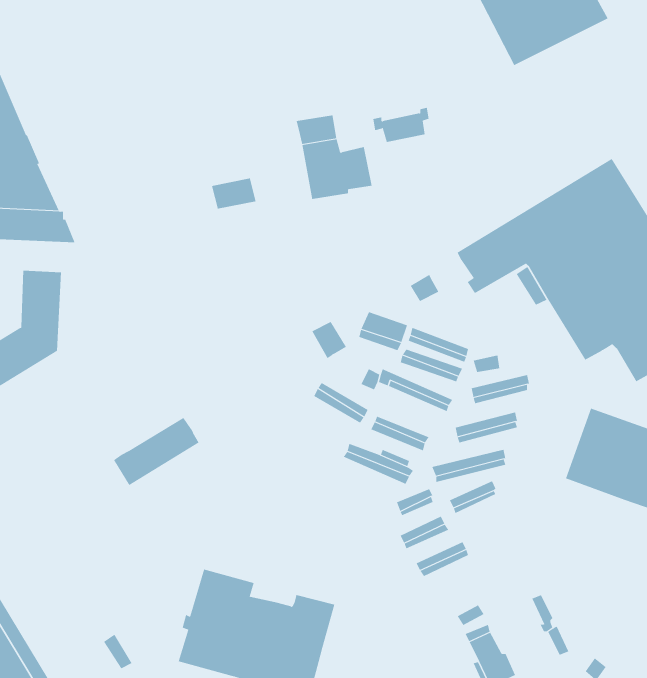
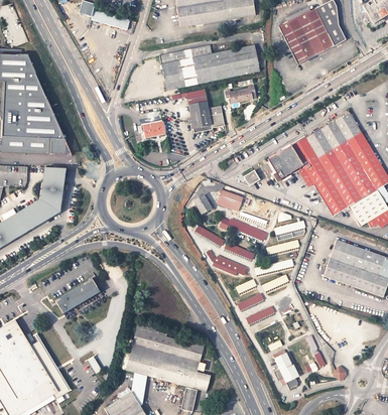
building: none -> [159,44,259,90]
building: [113,417,200,486] -> [55,278,100,313]

